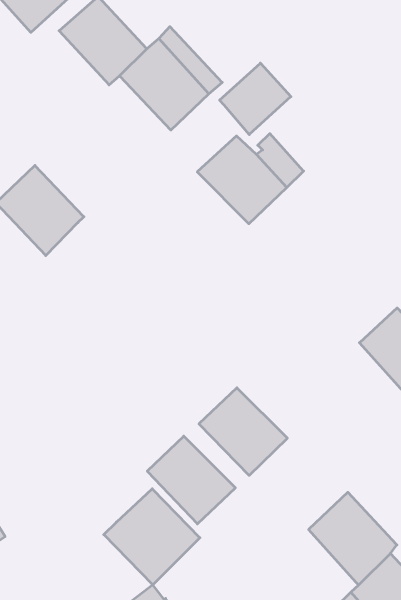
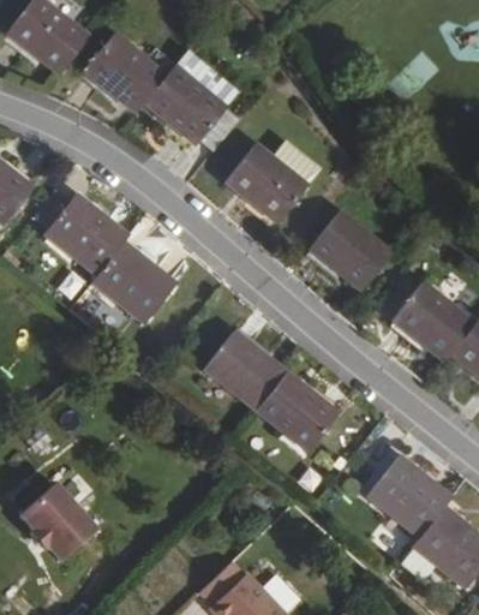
building: [220,63,291,135] -> none
building: none -> [309,213,390,289]
building: none -> [91,241,175,323]
building: [147,436,235,524] -> [204,332,286,410]
building: [104,489,200,585] -> none

